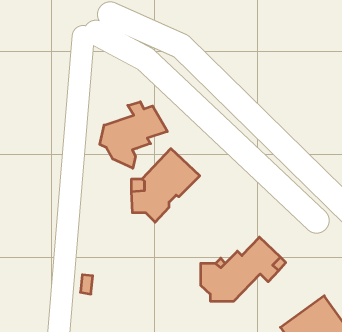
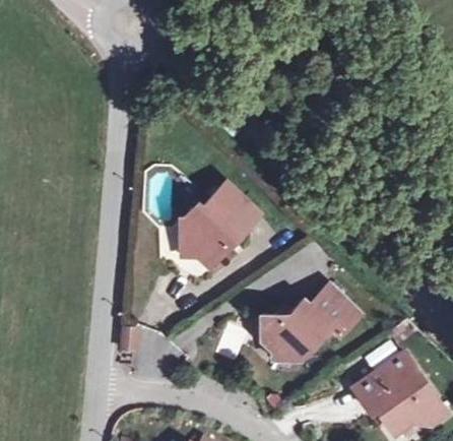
building: [100,102,167,168] -> none

